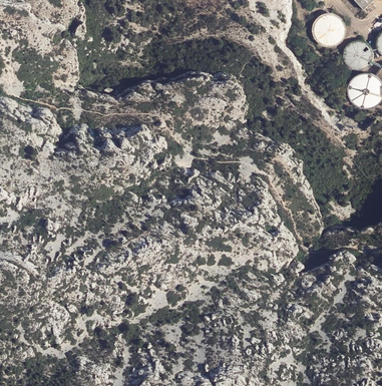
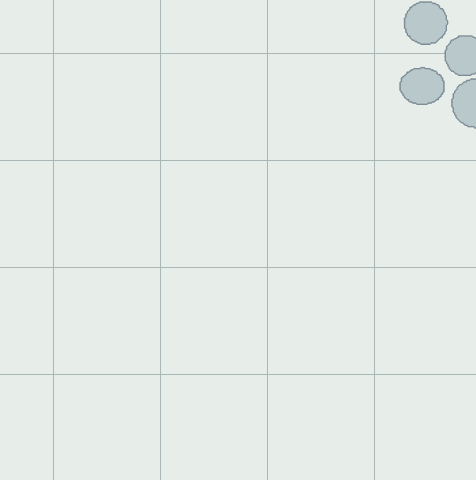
building: none -> [400,67,444,104]

